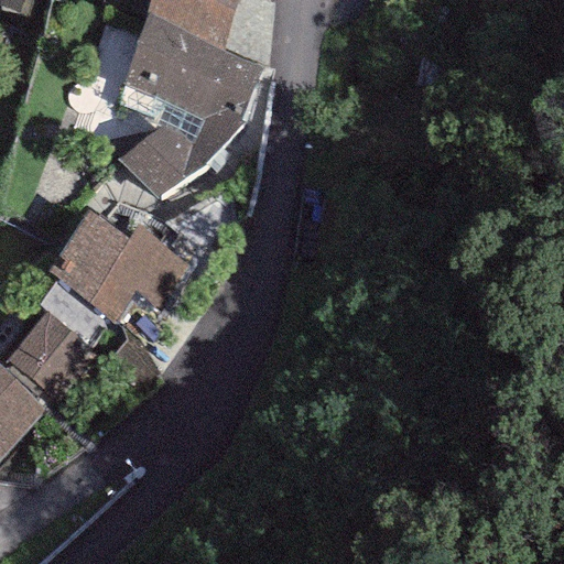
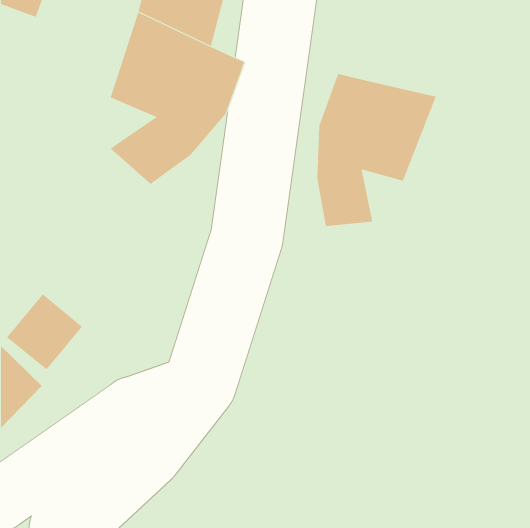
building: none -> [317,73,436,227]
building: [46,210,188,319] -> none

